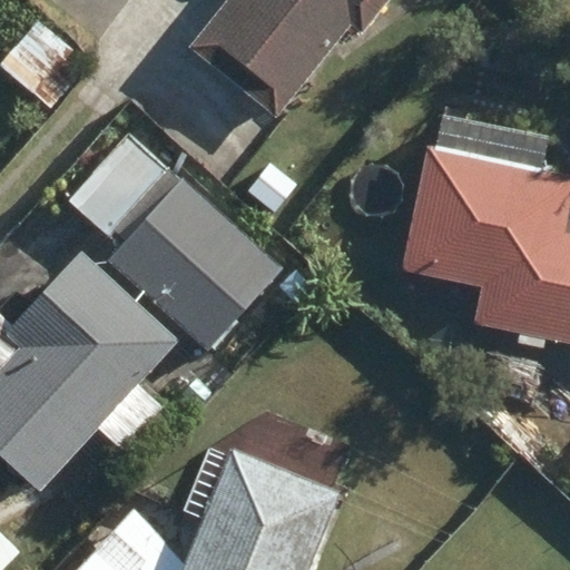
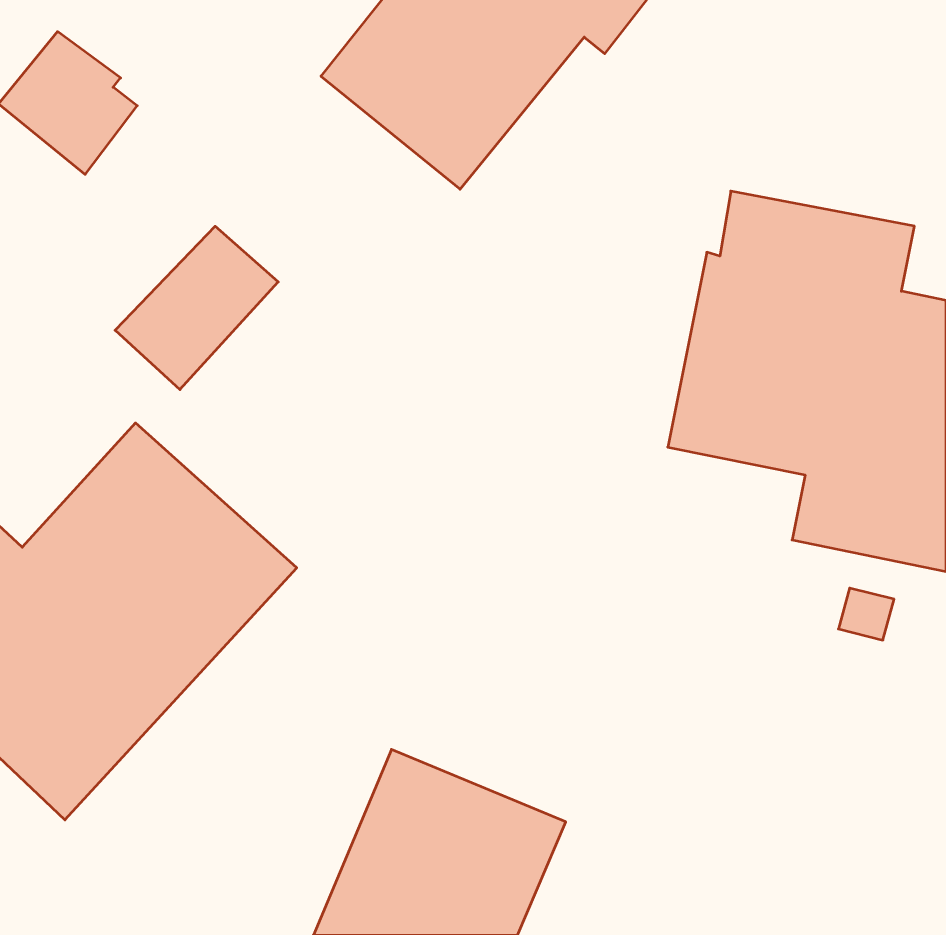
building: [109,179,281,350] -> none

